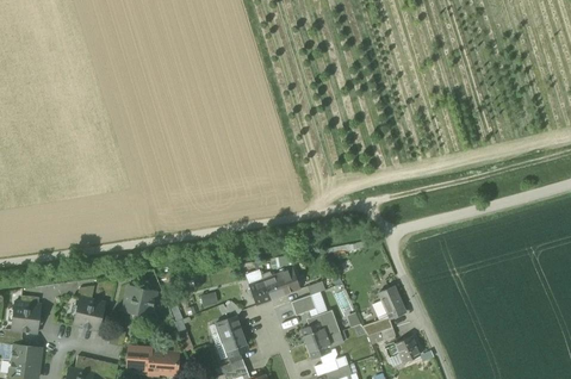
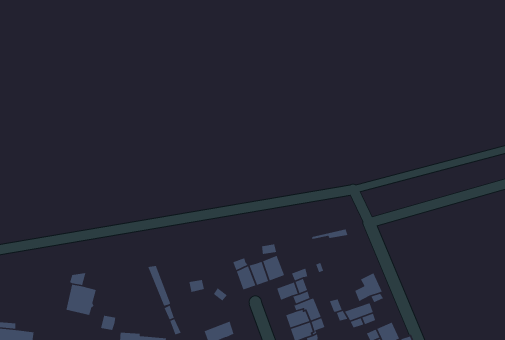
building: [123,286,156,318] -> none
building: [11,303,41,334] -> none
building: [212,319,243,347] -> none

